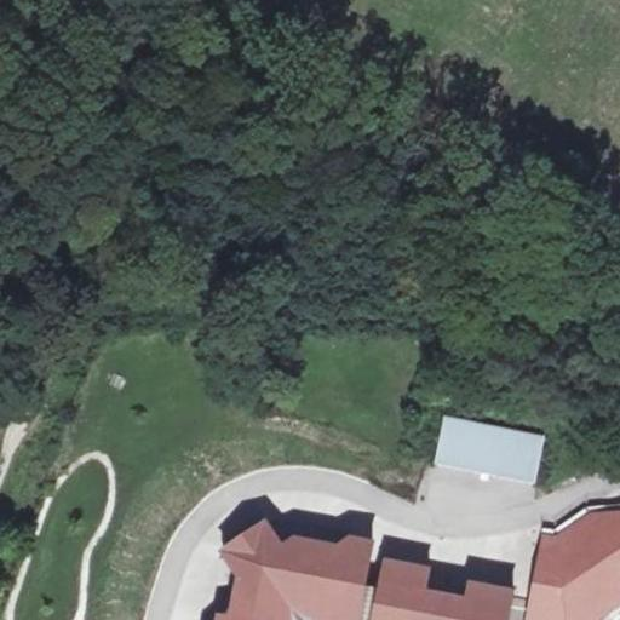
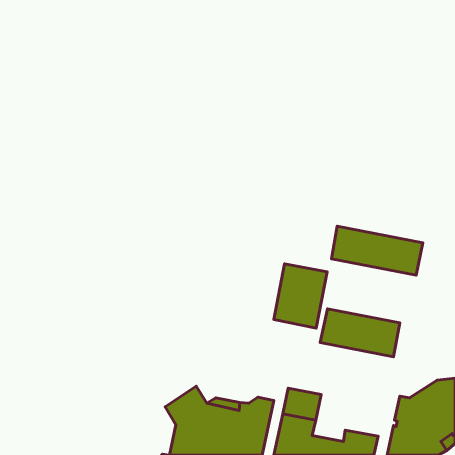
building: none -> [331,226,423,275]
building: none -> [274,264,327,328]

